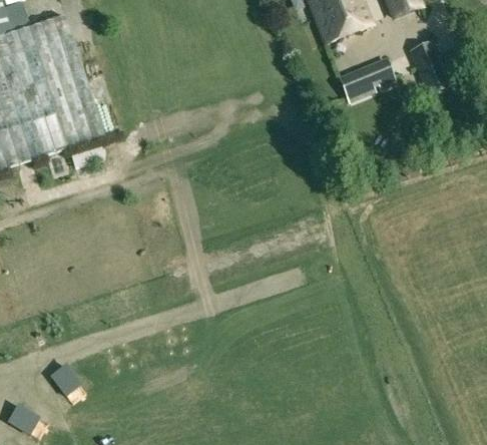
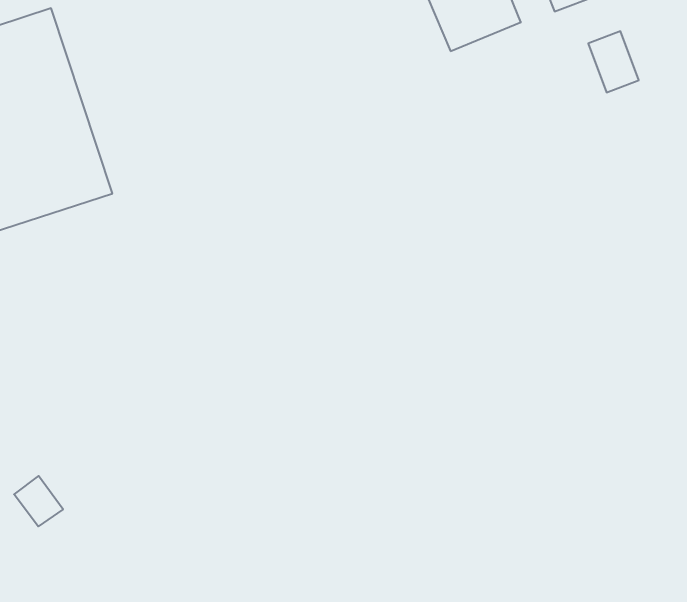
building: [339,55,397,101] -> none
building: [49,360,81,393] -> [14,476,63,526]

